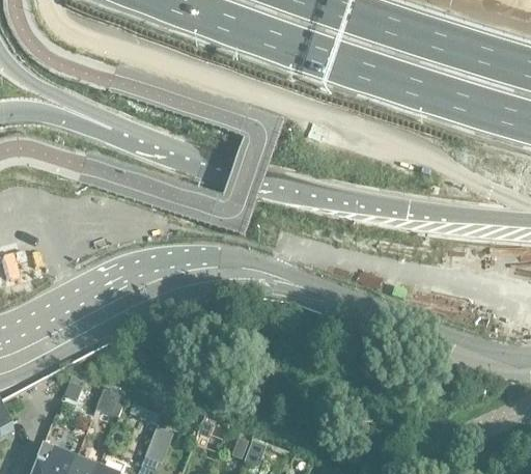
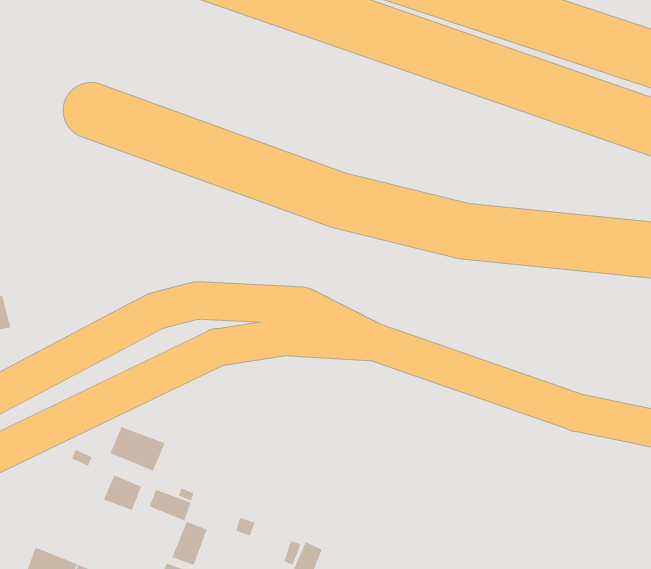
building: none -> [110,426,165,471]

